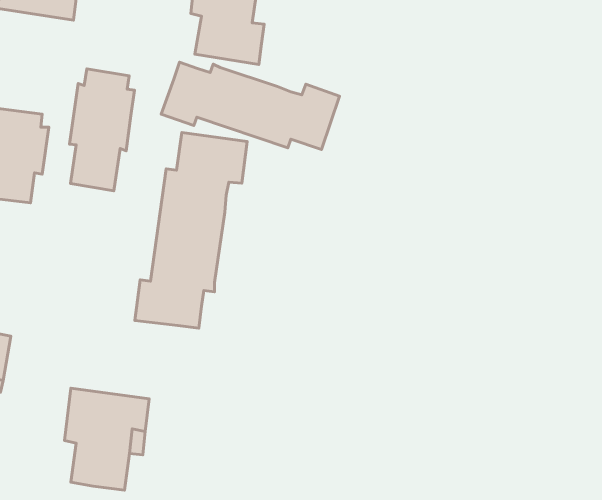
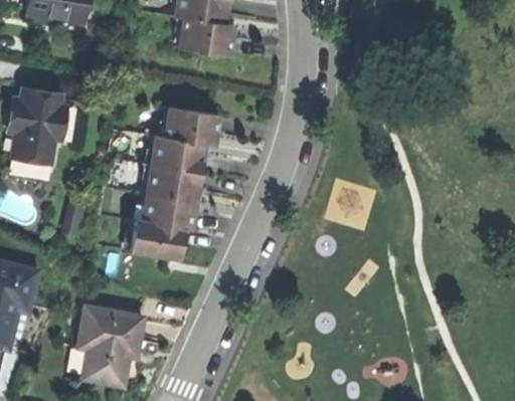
building: [161,62,339,150] -> none
building: [70,69,135,191] -> none

